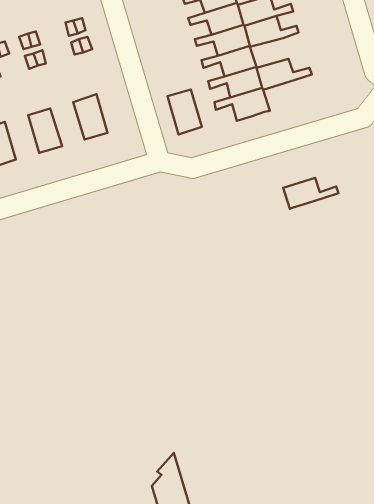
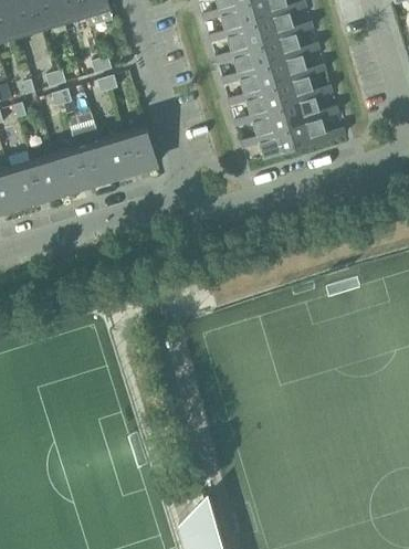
building: none -> [276,76,332,106]
building: [168,89,202,135] -> [123,126,157,171]
building: none -> [76,140,111,184]
building: none -> [31,154,65,198]
building: [283,178,339,209] -> [290,118,345,149]

